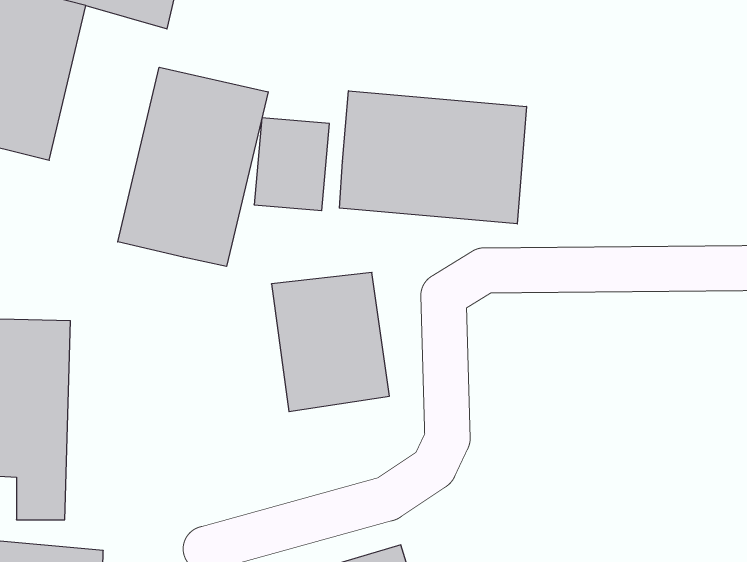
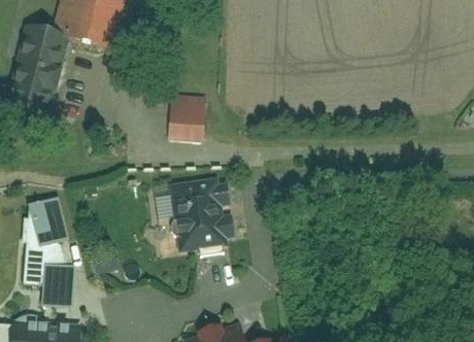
building: [118,67,268,266] -> none
building: [339,91,526,224] -> none

